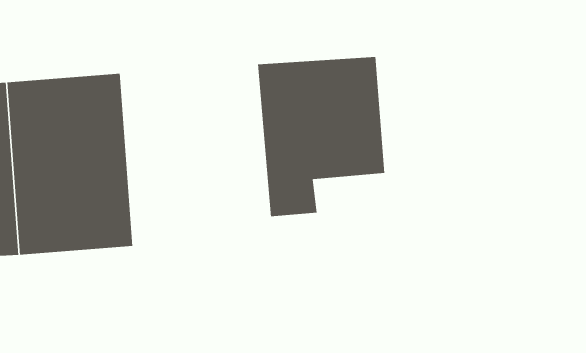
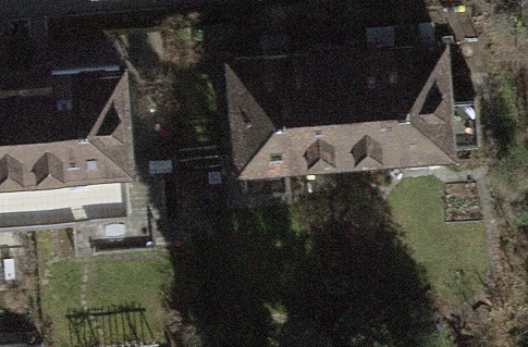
building: none -> [330,55,470,163]

